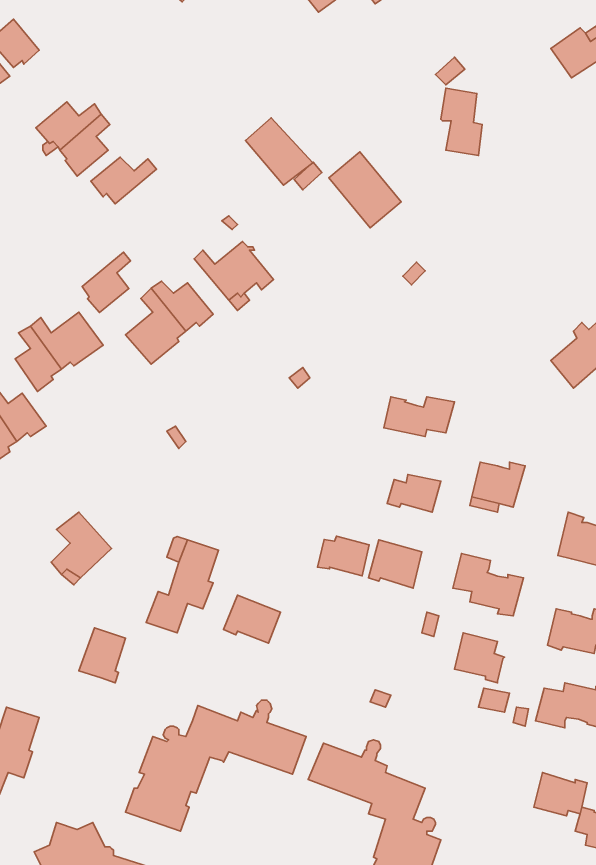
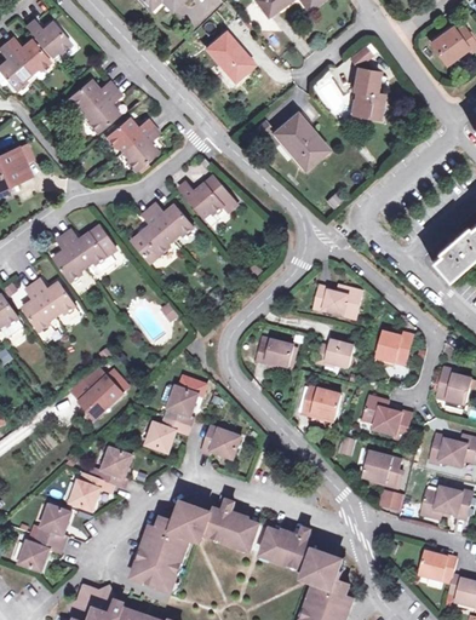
building: [245,118,313,185] -> [207,33,254,80]
building: [82,252,130,312] -> [125,126,159,168]
building: [317,536,369,576] -> [257,339,293,367]
building: none -> [71,475,115,510]

